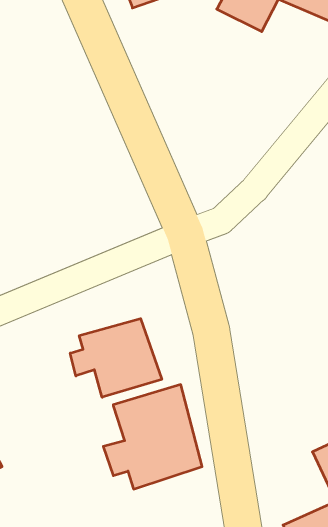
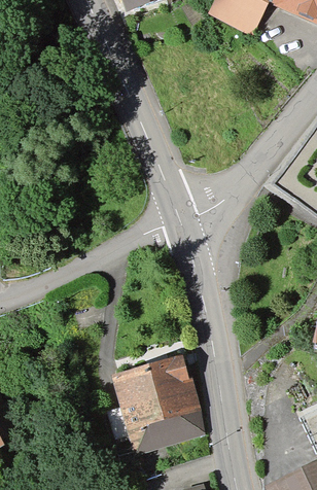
building: [70,319,162,397] -> none

